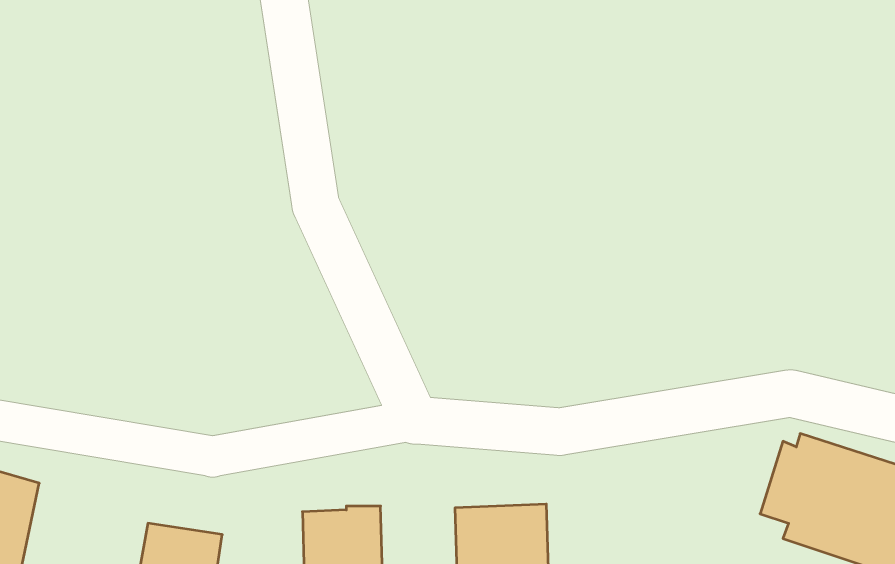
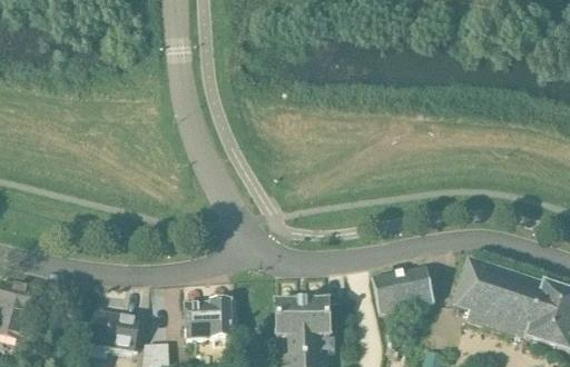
building: none -> [374,266,435,314]

